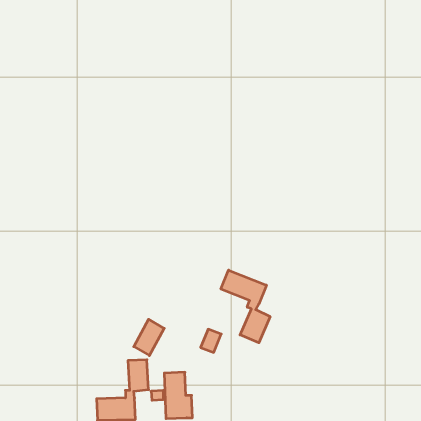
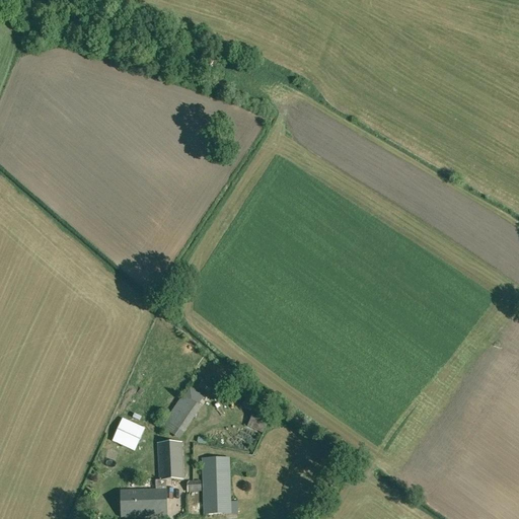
building: [221,270,270,343] -> none
building: none -> [112,418,143,449]

